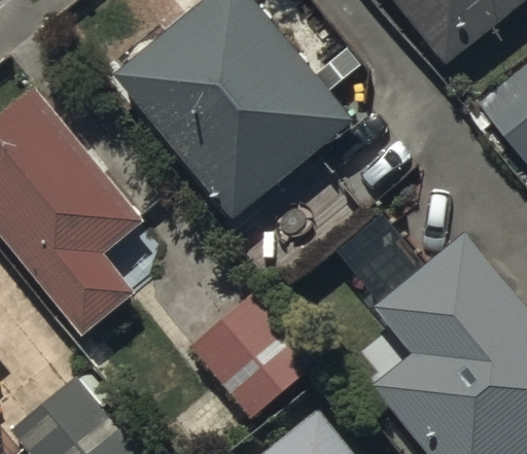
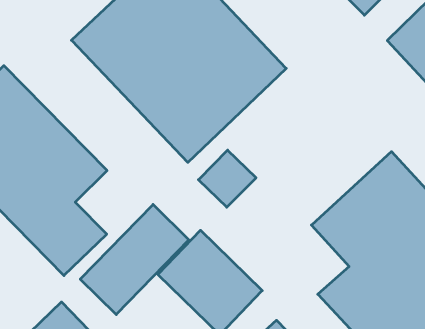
building: none -> [80,204,189,315]

